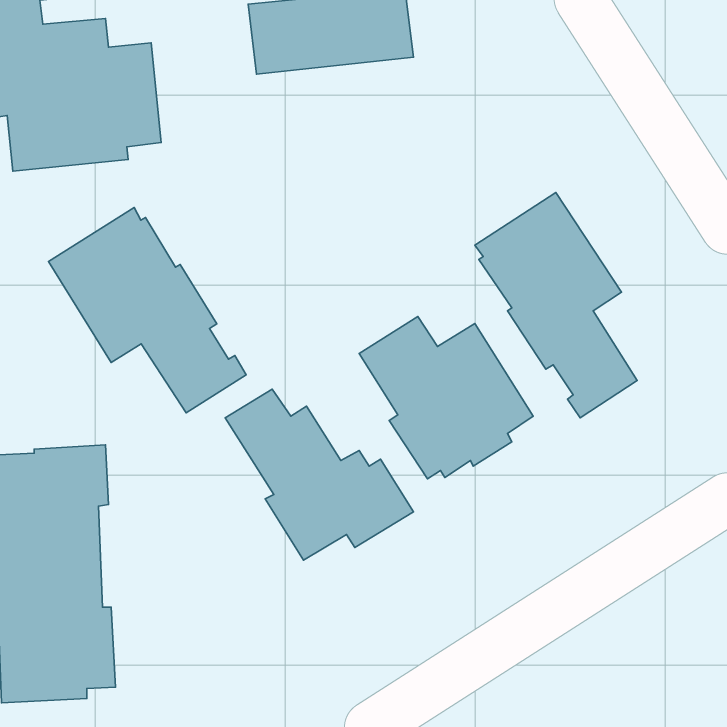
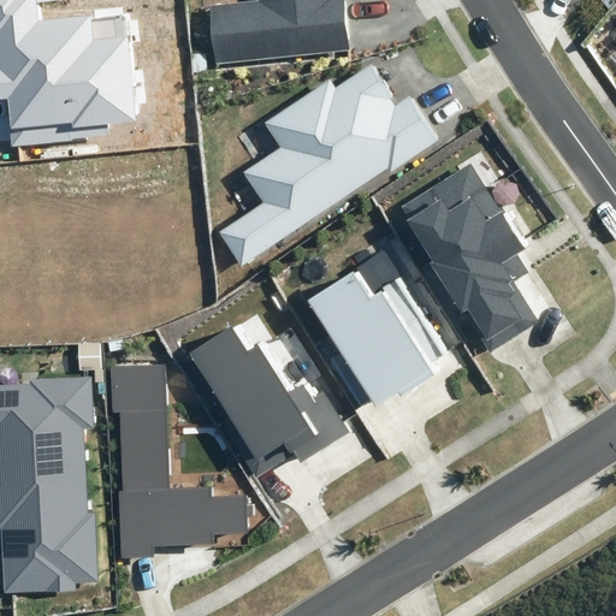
building: none -> [220,66,440,261]
building: [48,208,246,413] -> none
building: none -> [109,363,254,556]

